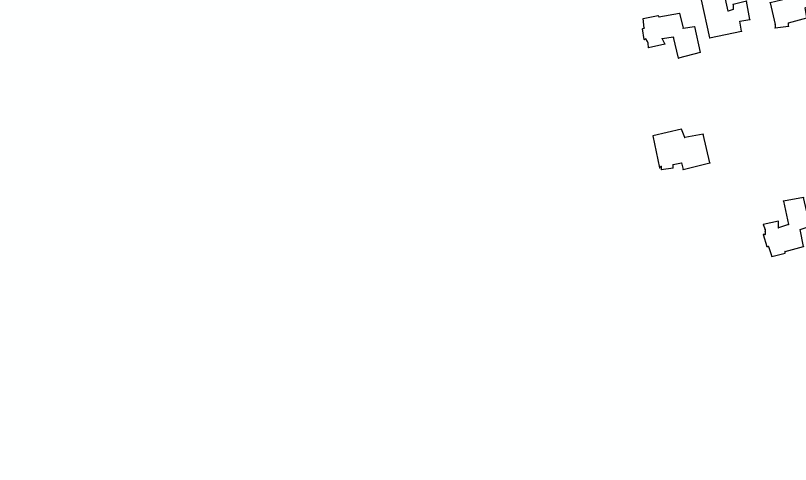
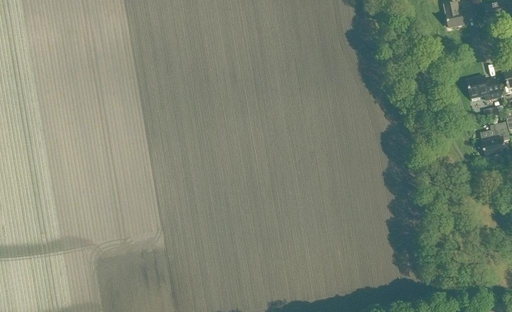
building: [643,13,700,58] -> none
building: [653,129,710,170] -> [466,76,500,100]

